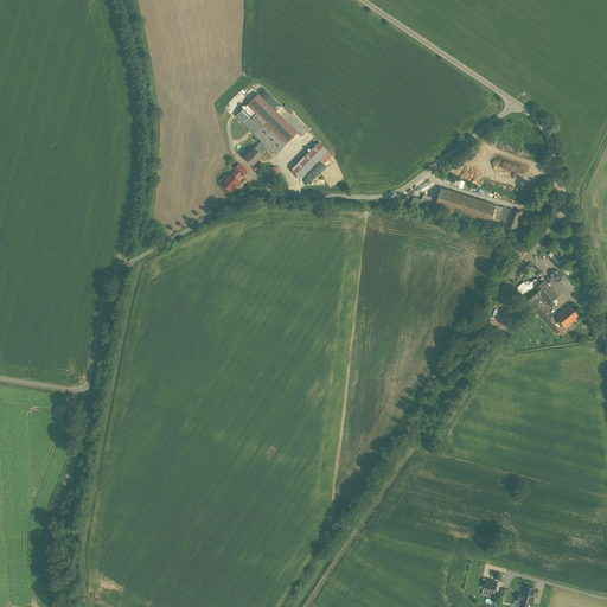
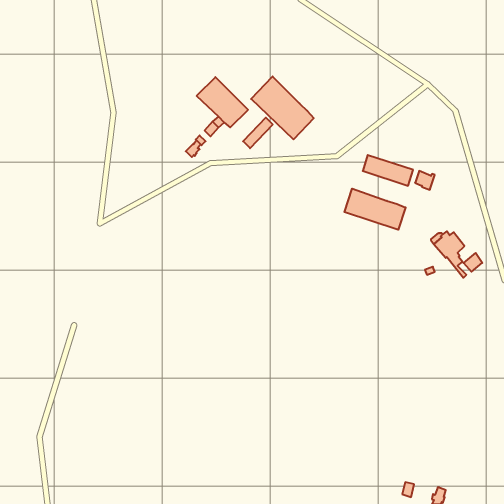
building: none -> [251,76,314,139]
building: none -> [344,189,406,230]

